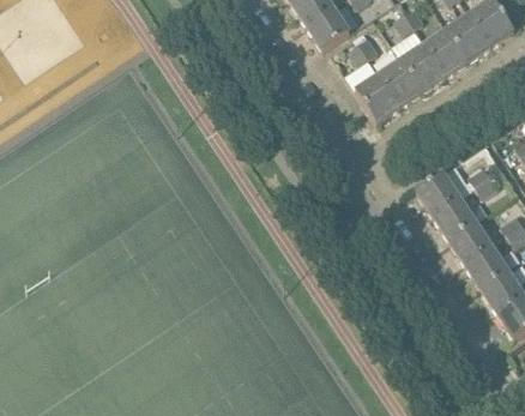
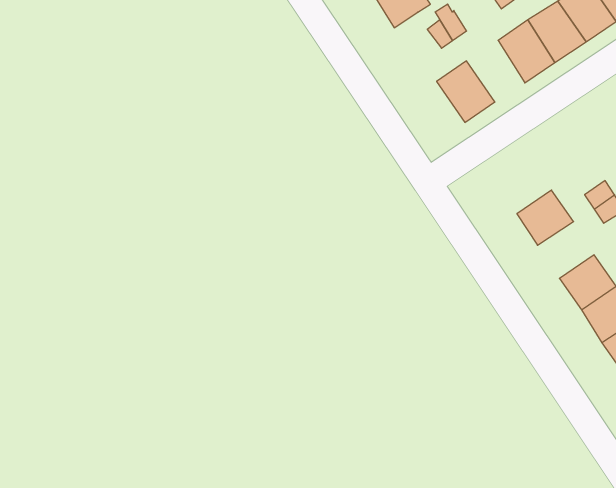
building: [379,60,423,107] -> none
building: [433,198,476,241] -> none

